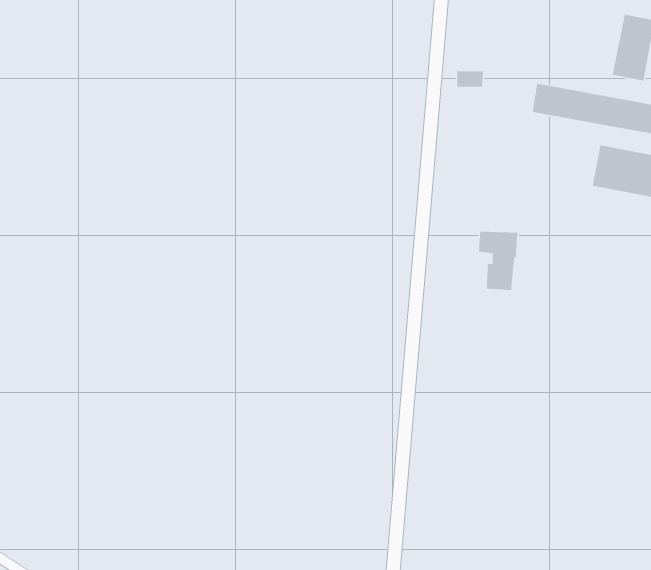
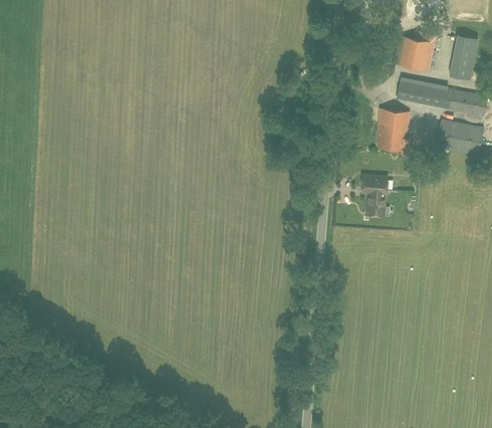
building: none -> [393,35,434,70]
building: none -> [378,109,410,154]

